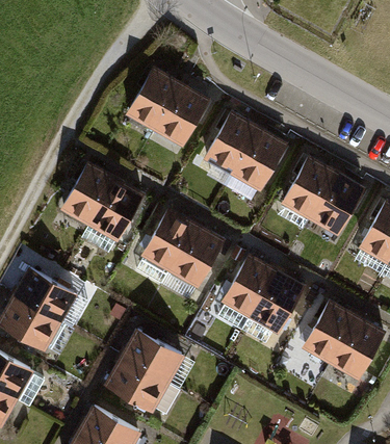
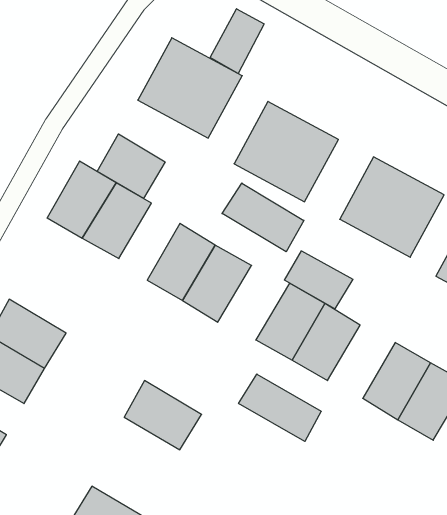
building: none -> [210,9,264,74]
building: none -> [97,134,165,198]
building: none -> [222,183,304,252]
building: none -> [284,251,353,309]
building: none -> [239,374,321,441]
building: [104,359,163,411] -> none

